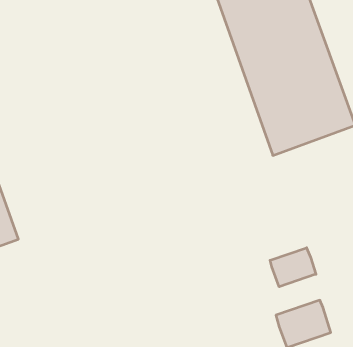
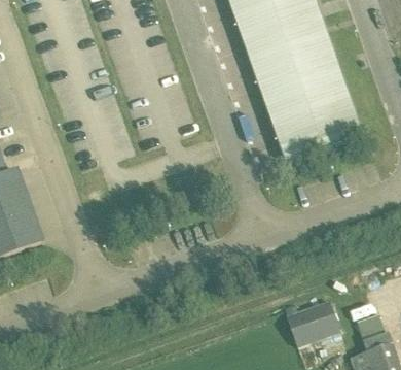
building: [270,248,316,287] -> none

